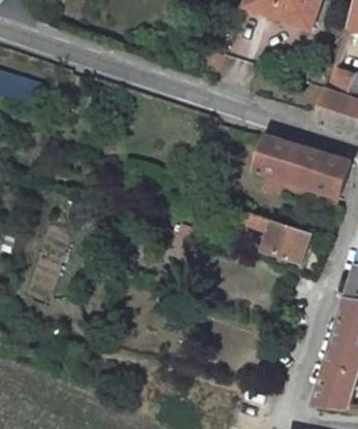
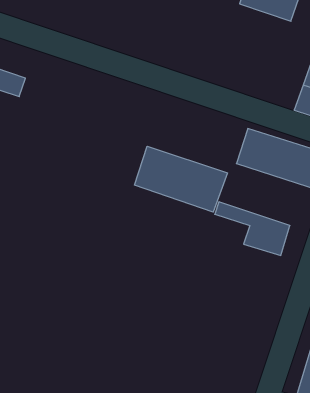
building: none -> [134,146,227,212]

